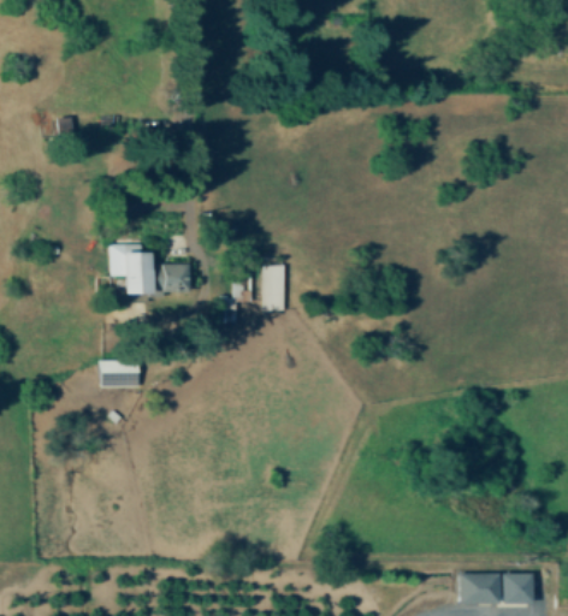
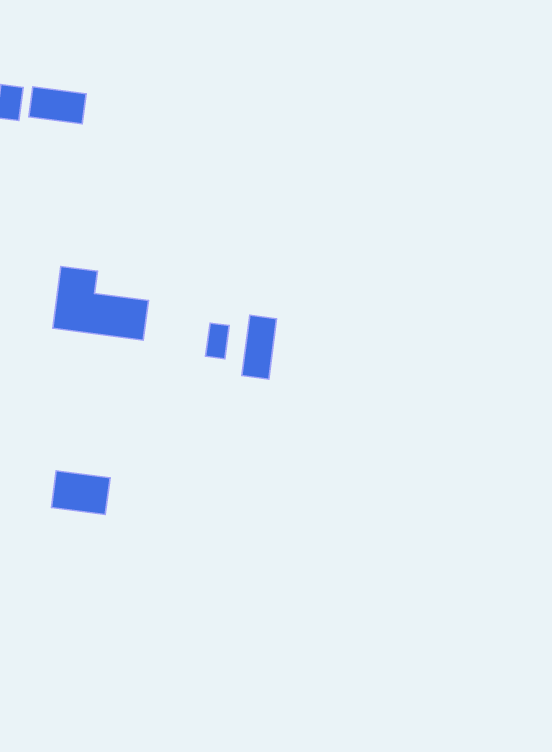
building: none -> [29,87,86,124]
building: [96,360,137,387] -> [51,471,110,514]

